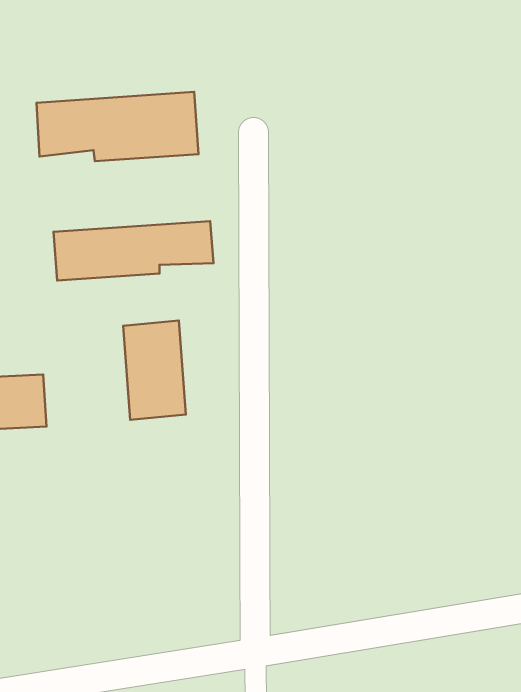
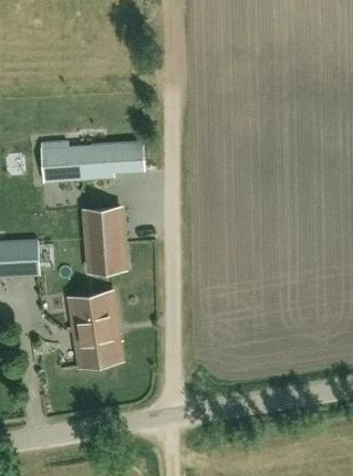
building: [36,92,198,161] -> none
building: none -> [65,292,121,364]

